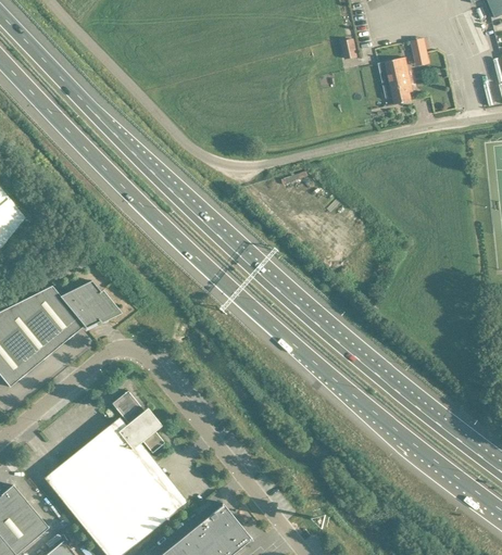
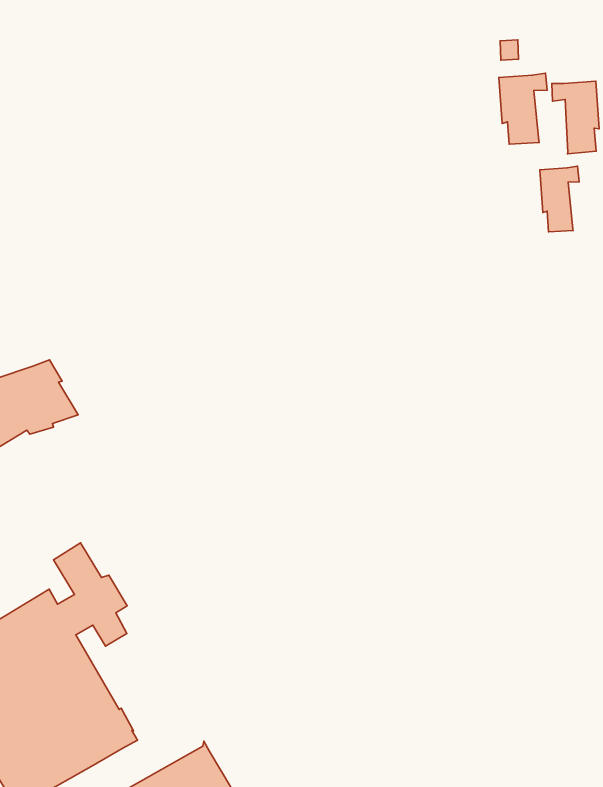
building: none -> [499,73,547,144]
building: none -> [540,166,579,232]

